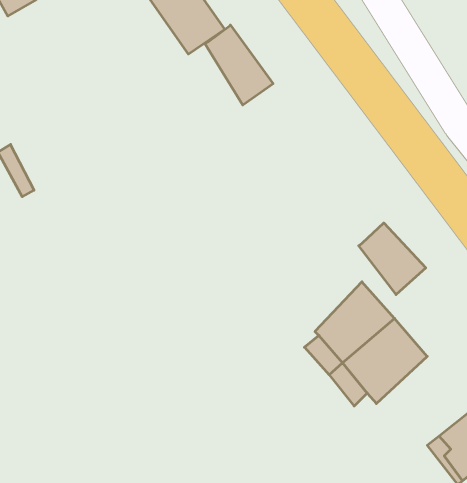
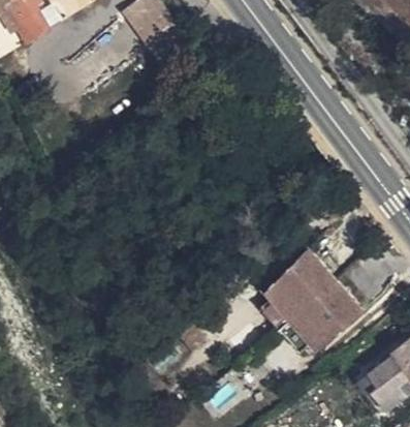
building: [205,25,273,105] -> none
building: [359,223,426,295] -> none

